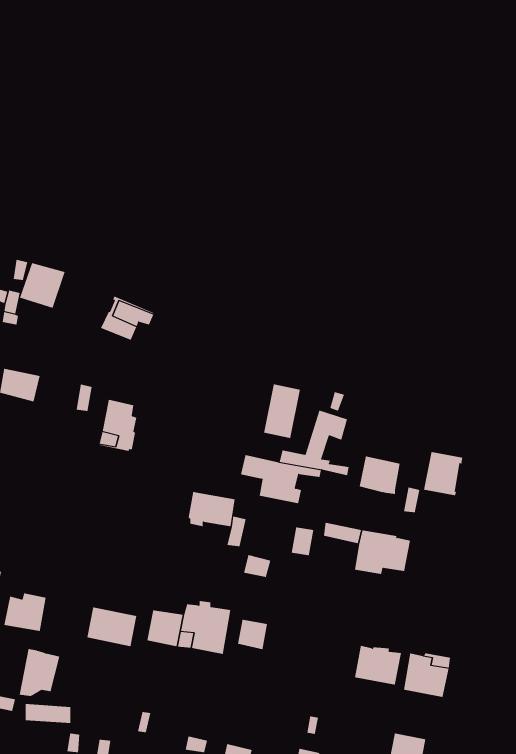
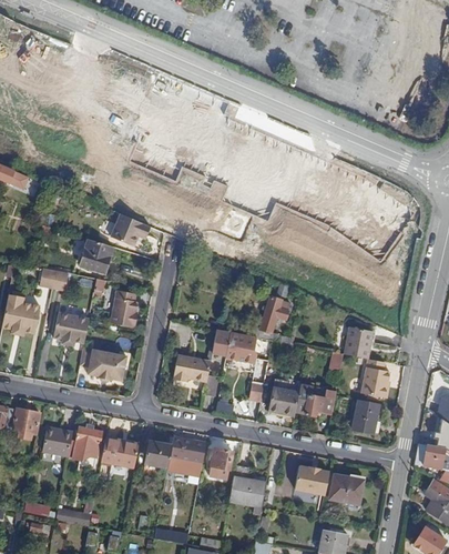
building: [19,262,65,309] -> [79,240,112,273]
building: [263,384,301,439] -> none
building: none -> [55,313,89,343]
building: [359,456,400,494] -> [267,387,297,415]
building: none -> [85,347,127,382]
building: none -> [361,359,389,397]
building: none -> [350,400,378,433]
building: [19,649,60,696] -> [72,426,102,461]
building: none -> [228,476,264,506]

